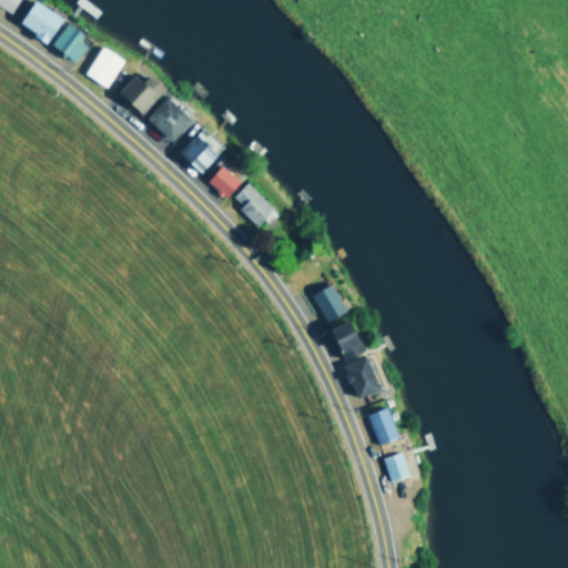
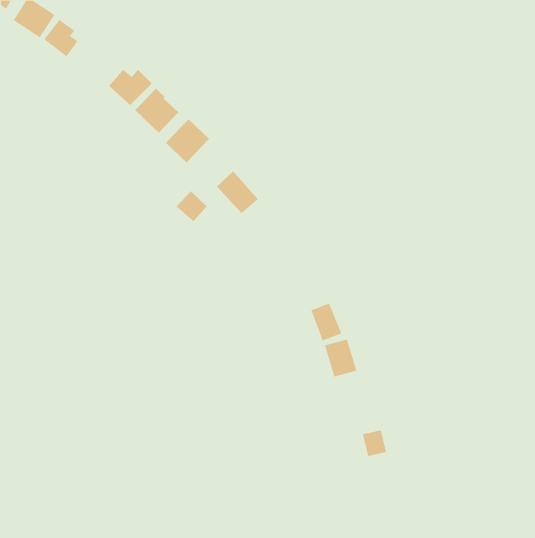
building: [87,47,125,89] -> none
building: [209,165,242,199] -> [176,191,208,222]
building: [314,285,347,322] -> none
building: [371,408,399,445] -> none

